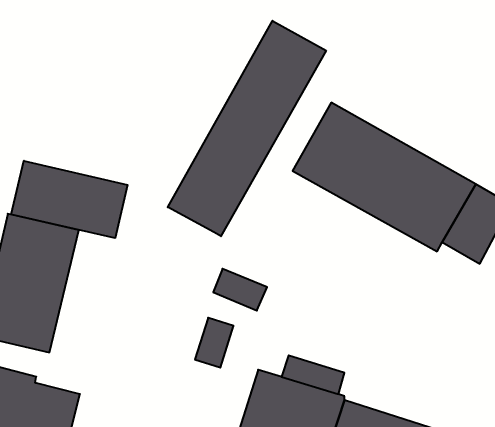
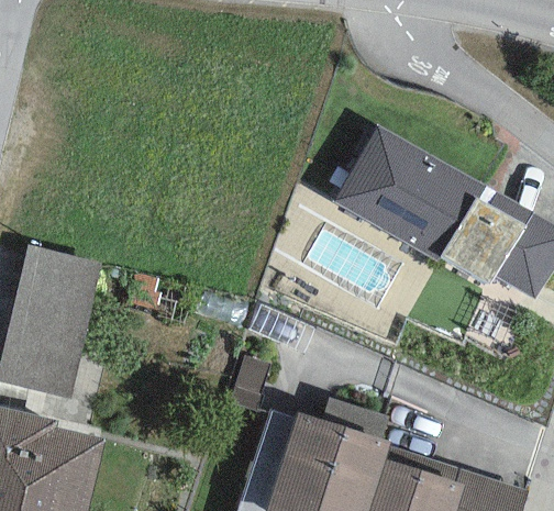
building: [168,21,326,236] -> none
building: [11,161,128,238] -> none

